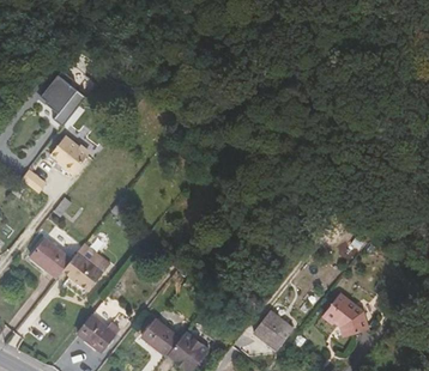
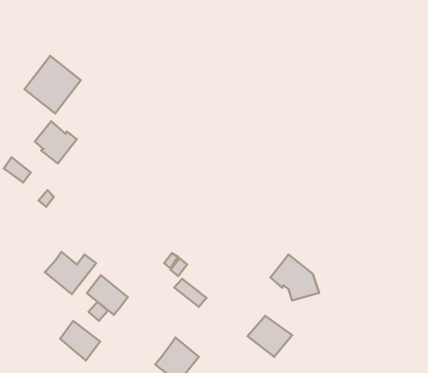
building: [24,243,65,280] -> none
building: [315,296,361,339] -> [271,254,319,301]
building: [133,322,171,359] -> [87,275,128,315]

